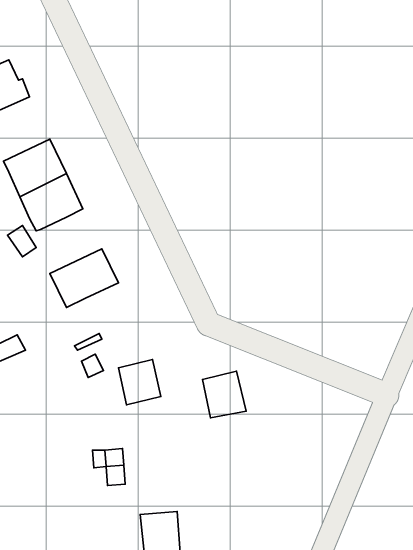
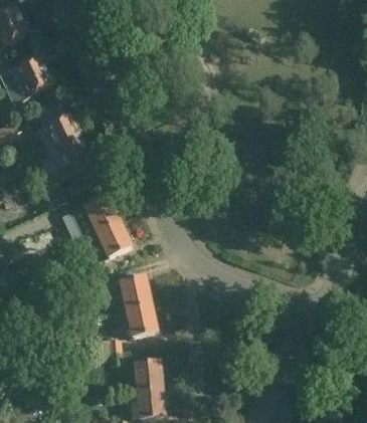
building: none -> [97,221,132,257]
building: [202,371,246,418] -> [126,303,158,338]
building: none -> [134,361,163,390]

